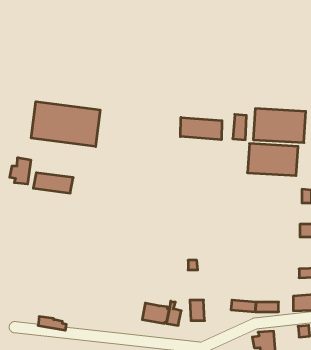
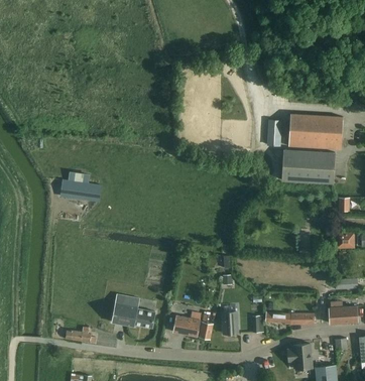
building: [31,102,100,147] -> none
building: [180,117,222,140] -> none
building: [10,158,31,184] -> none
building: none -> [112,302,155,328]

